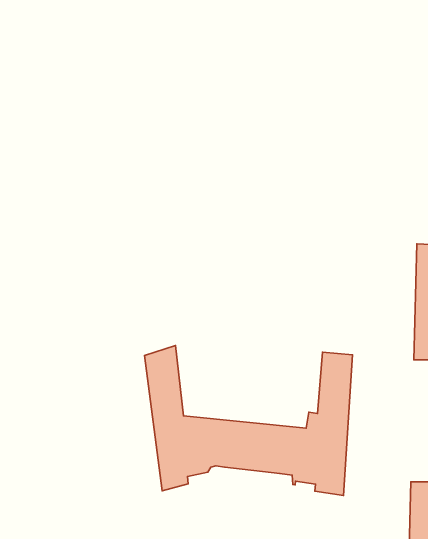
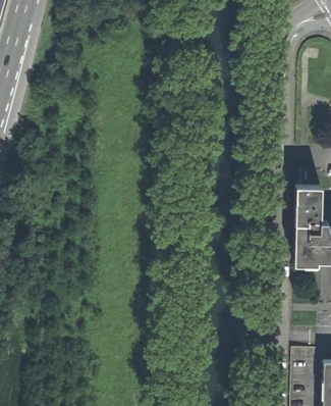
building: [144,345,353,495] -> none

